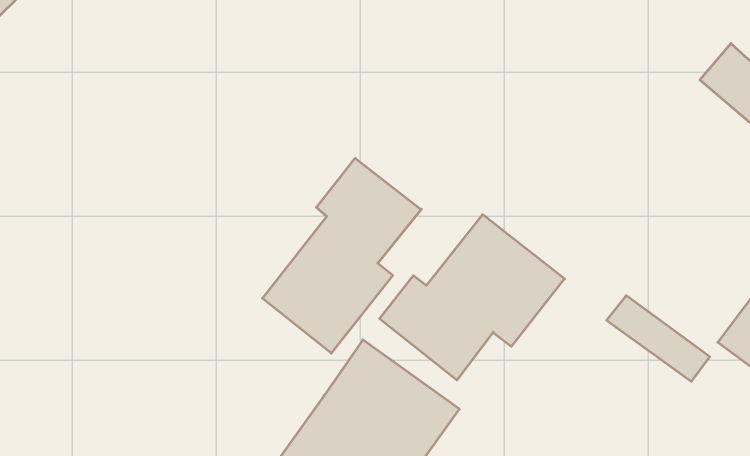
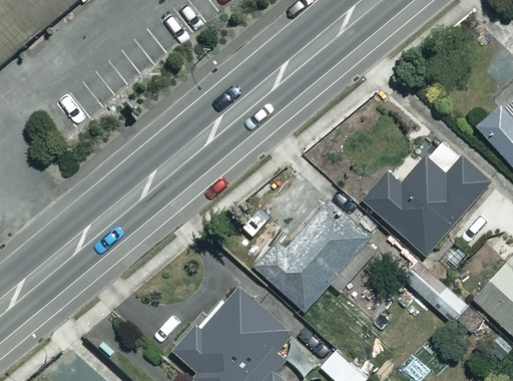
building: none -> [364,104,490,254]
building: [262,158,421,353] -> none

